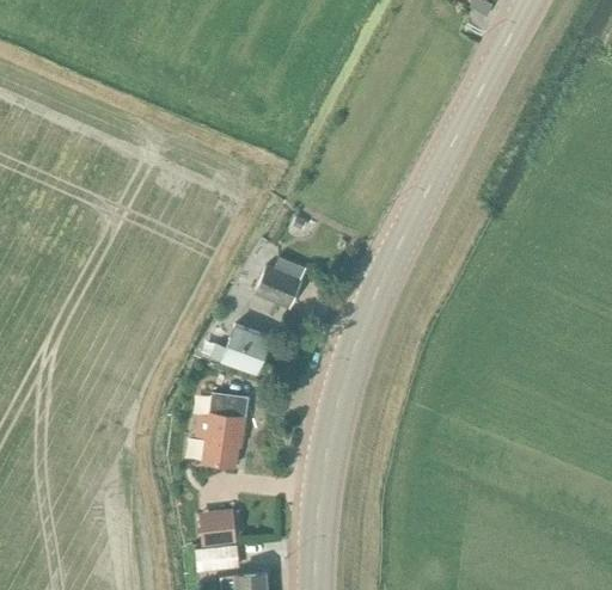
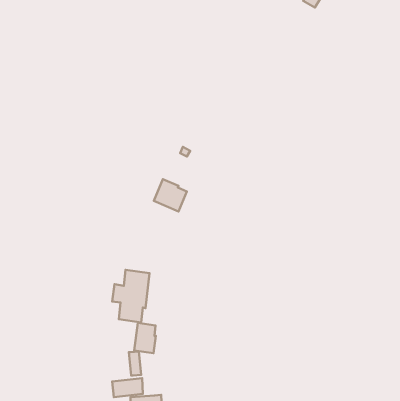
building: [210,322,271,374] -> none
building: none -> [134,323,156,353]

